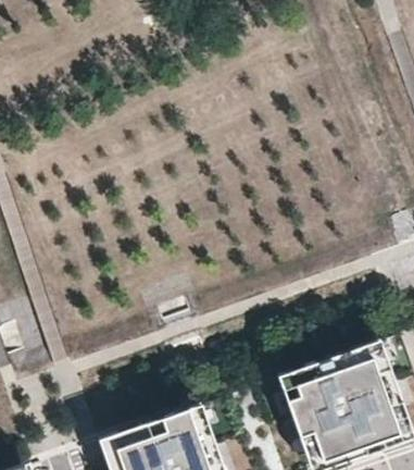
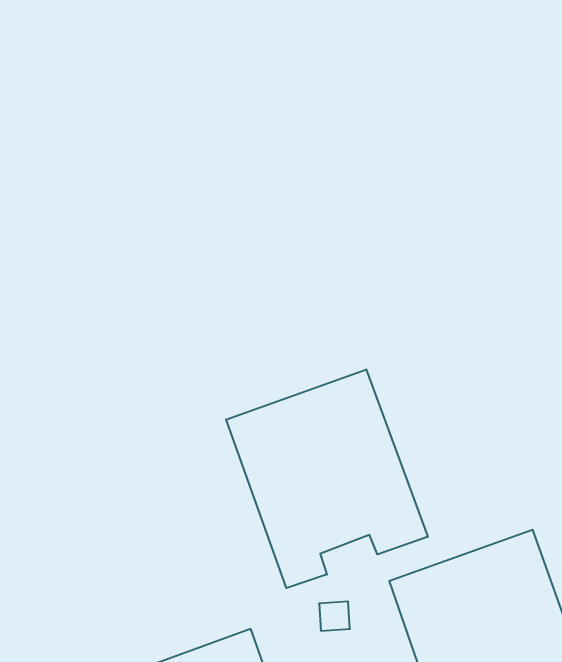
building: none -> [226,369,428,588]

